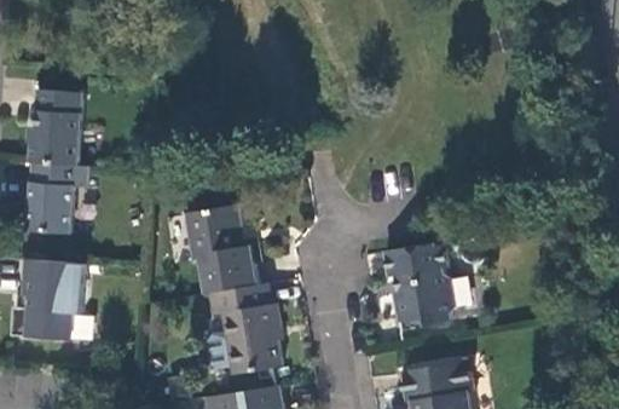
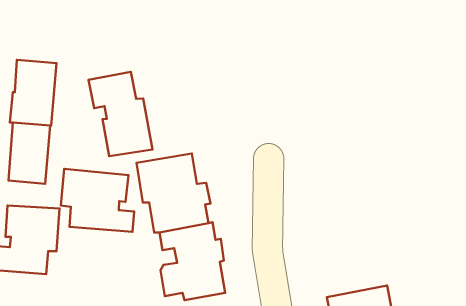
building: none -> [88,72,153,156]
building: none -> [61,169,134,232]
building: [383,241,456,321] -> none

